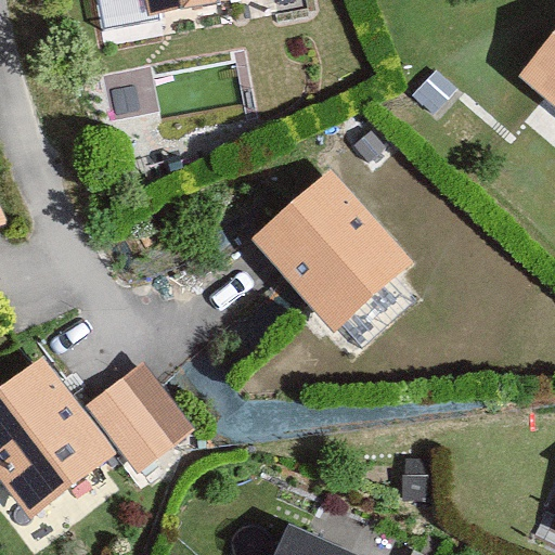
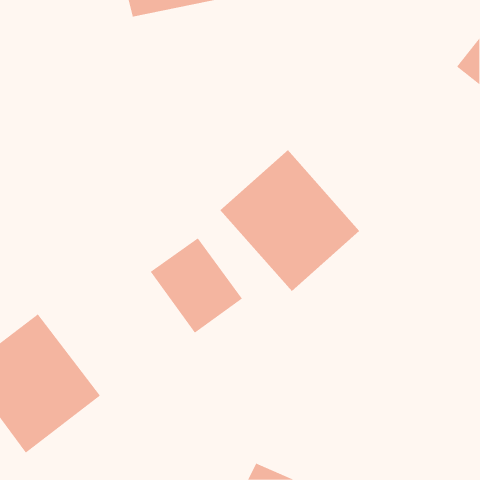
building: [86,359,192,468] -> [150,238,243,334]

